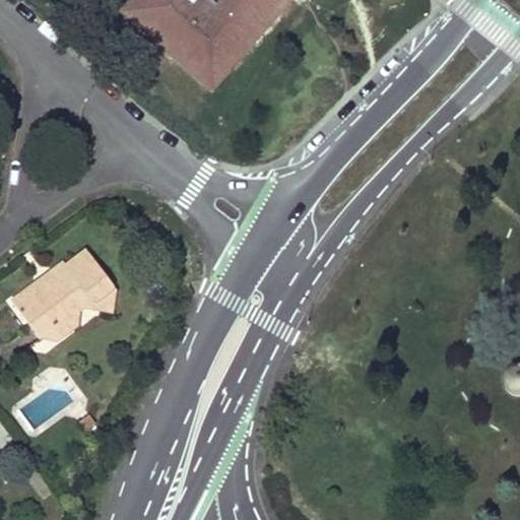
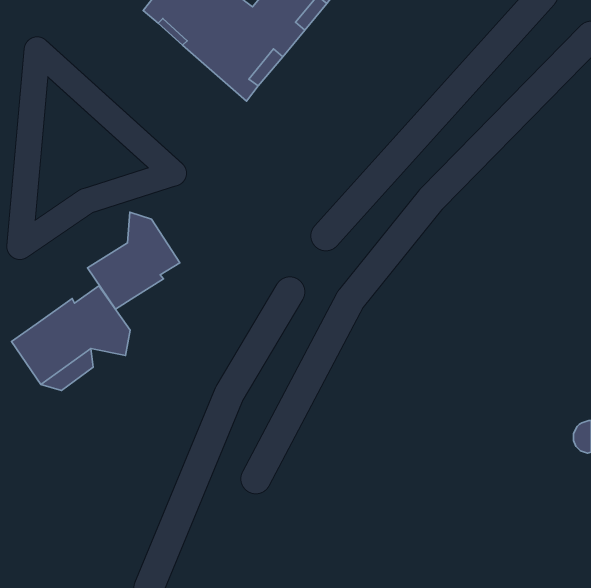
building: none -> [87,212,180,309]

